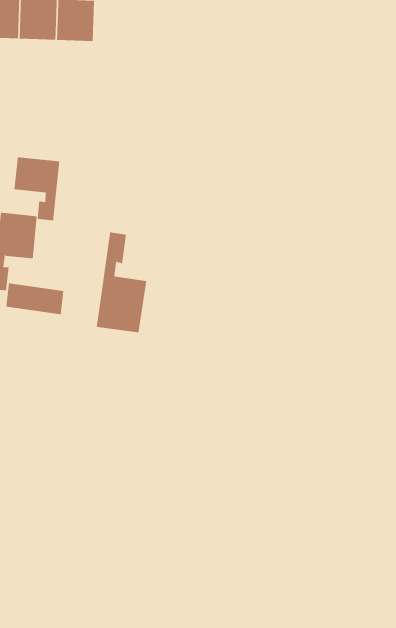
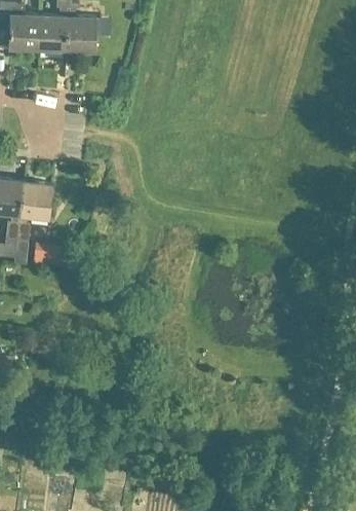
building: [14,157,60,221] -> none
building: [96,232,147,333] -> none

